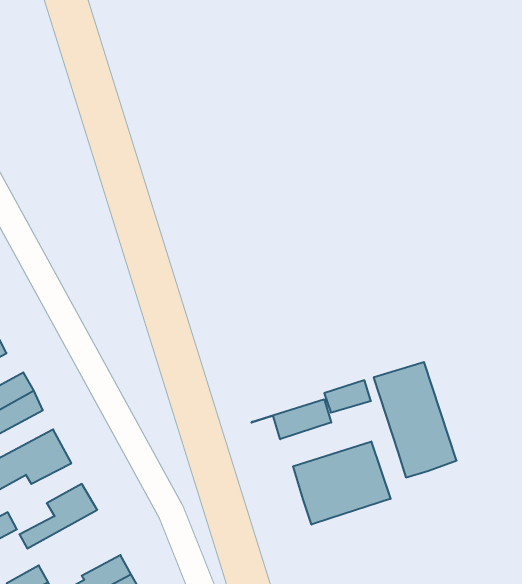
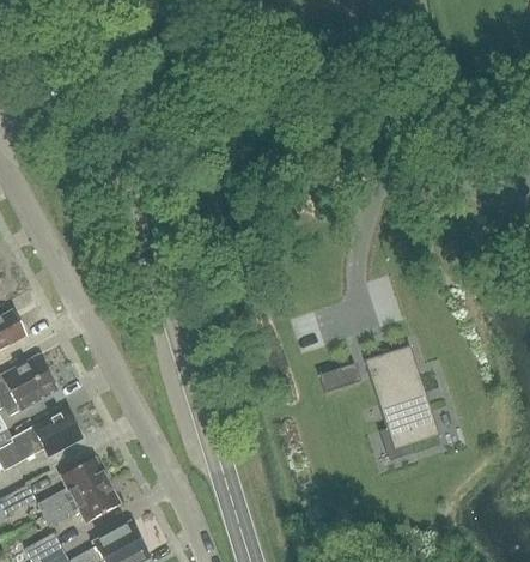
building: [251,399,331,439] -> none
building: [293,441,391,525] -> none
building: none -> [43,481,121,527]

